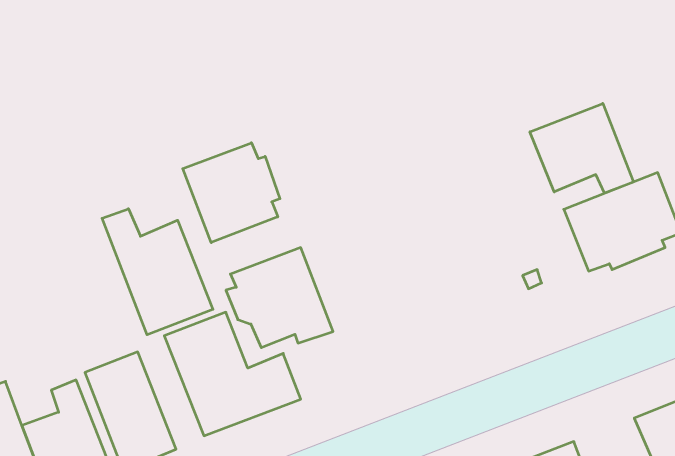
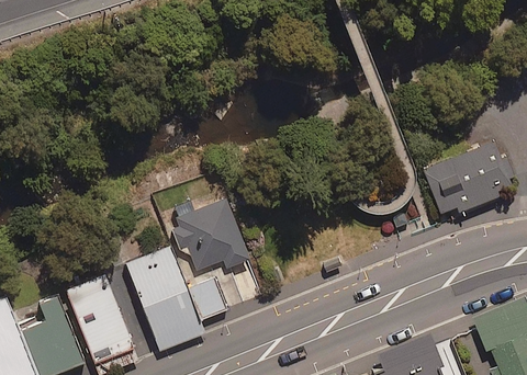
building: [530,103,633,193] -> none
building: [183,143,280,243] -> none
building: [102,209,213,335] -> none

